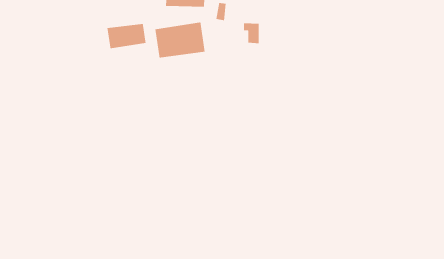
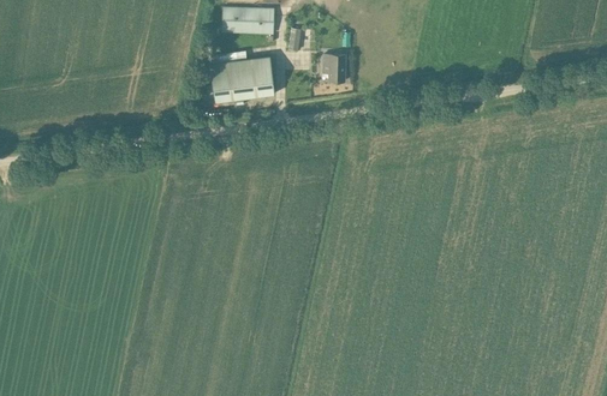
building: [107,23,146,49] -> none

